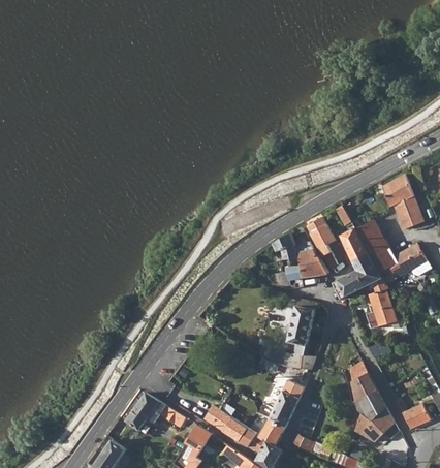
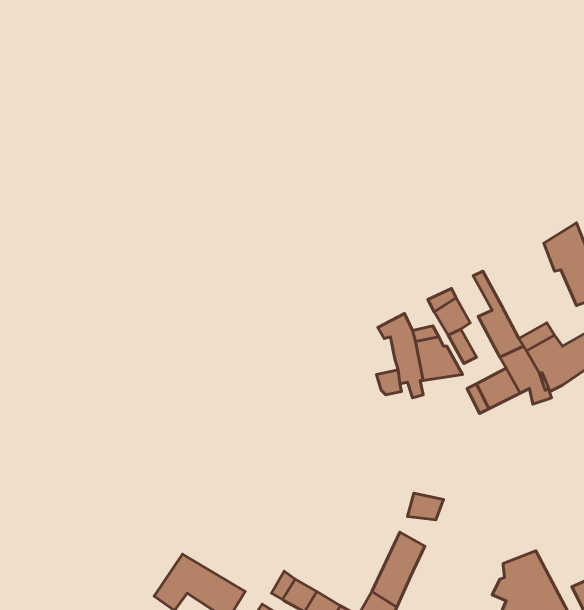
building: [354,220,384,250] -> none
building: [368,290,398,330] -> none
building: [288,299,315,344] -> none
building: [346,362,377,399] -> none

